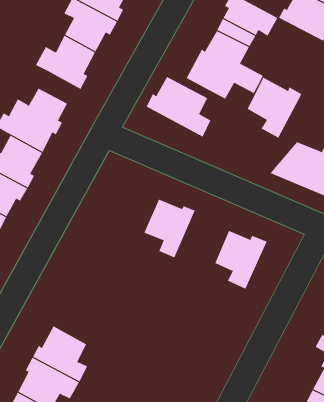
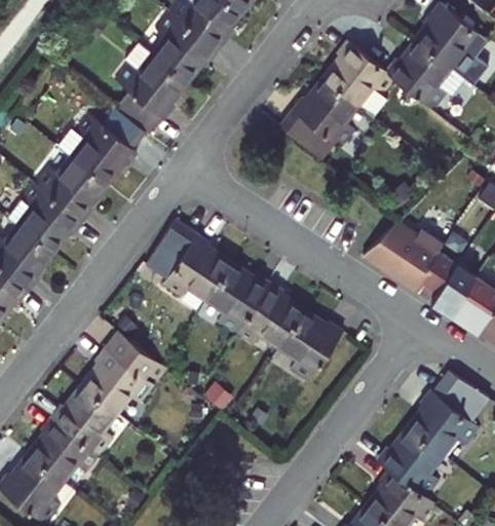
building: none -> [111,93,158,138]
building: [146,76,211,137] -> none
building: [247,77,302,138] -> none
building: none -> [146,220,227,297]
building: none -> [234,281,301,345]
building: none -> [82,334,165,413]

